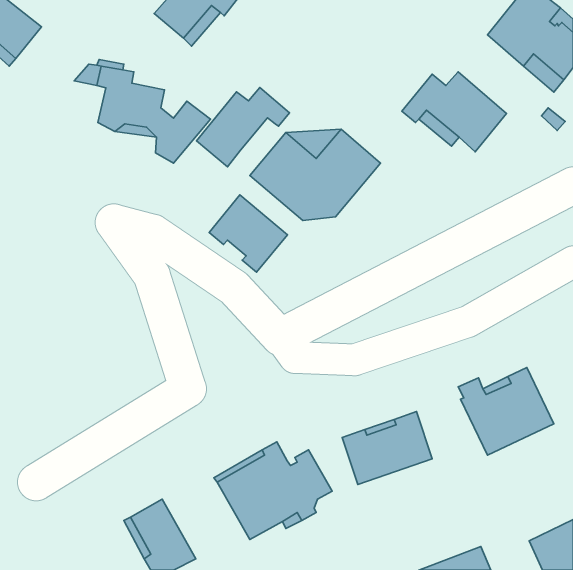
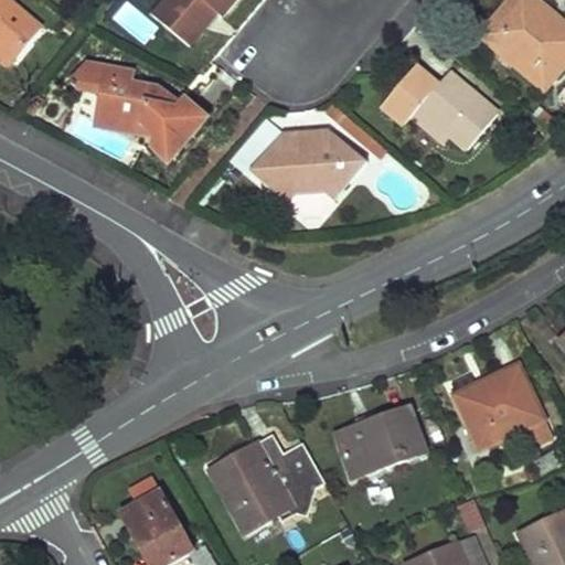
building: [197,87,290,167] -> none
building: [209,195,287,272] -> none

